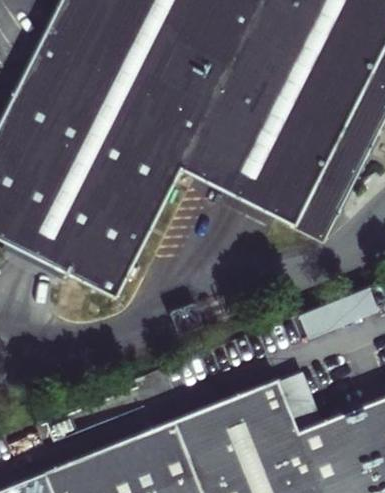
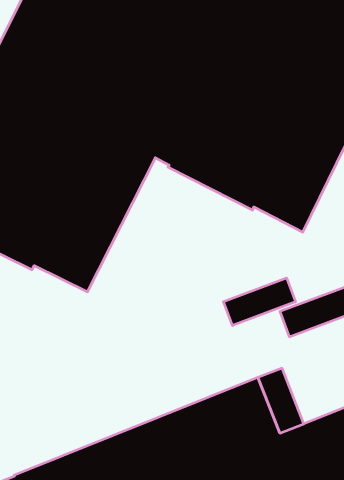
building: none -> [223,278,295,326]

